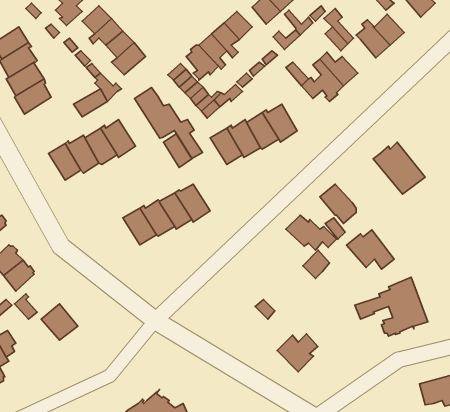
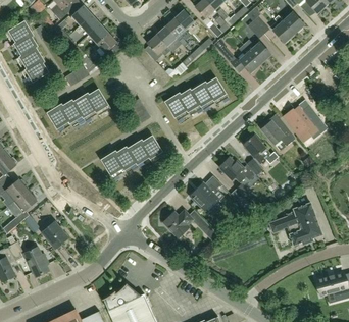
building: [135,88,203,158] -> none
building: [346,230,394,269] -> [261,118,296,147]
building: none -> [190,183,223,211]
building: [277,334,318,372] -> [163,211,193,238]
building: none -> [23,247,49,277]

